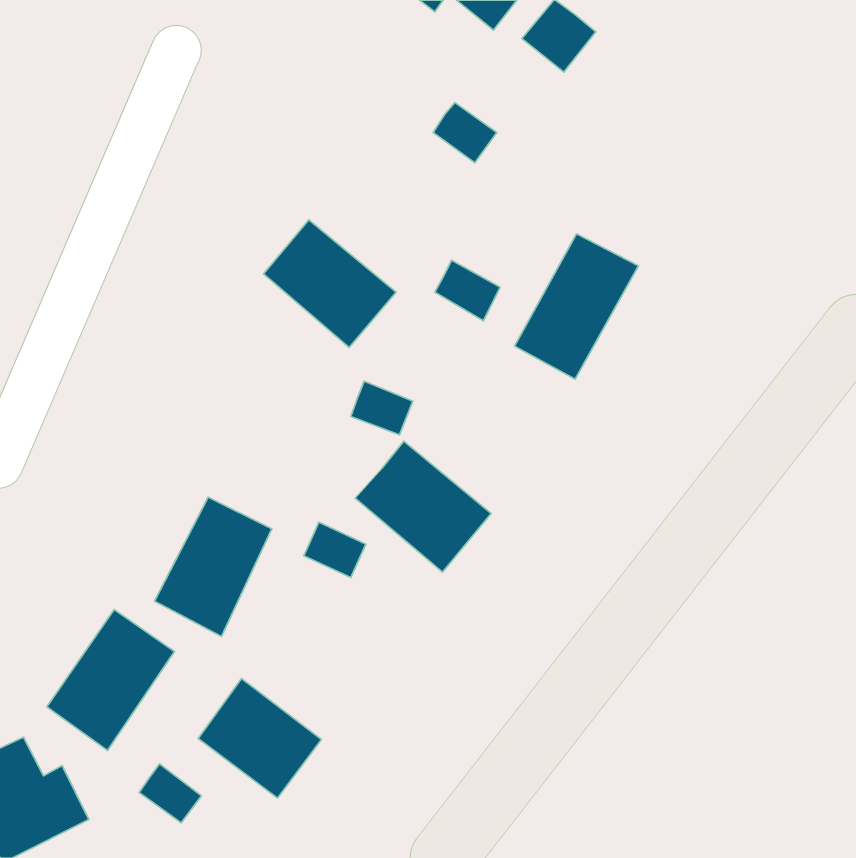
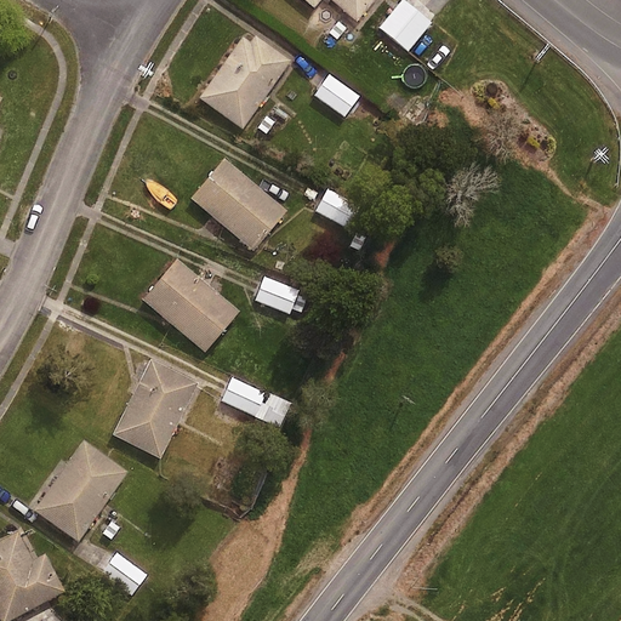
building: none -> [198,35,290,129]
building: [515,234,639,379] -> none
building: [355,441,491,572] -> [141,258,239,353]
building: [198,678,321,798] -> none

